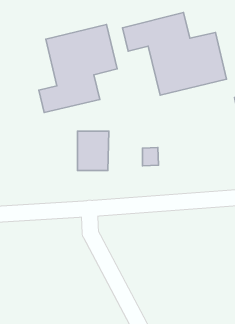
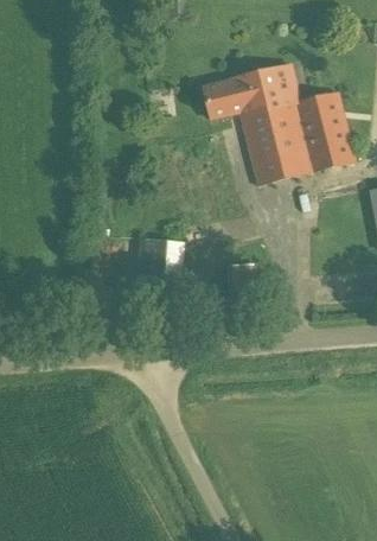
building: [39,24,117,112] -> none

